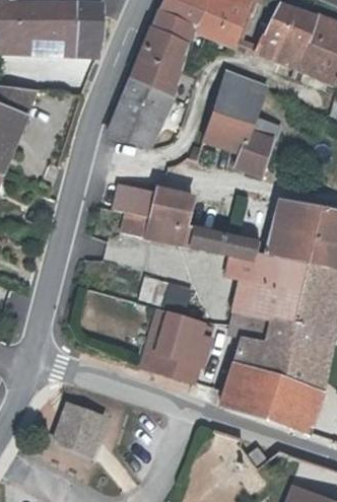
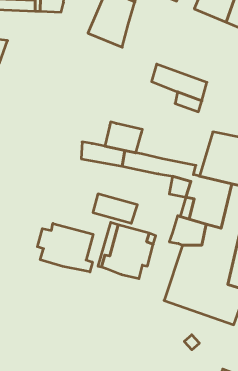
building: [213,71,278,140] -> none
building: [108,80,172,146] -> none
building: [114,184,156,217] -> none
building: none -> [37,223,93,272]
building: [55,405,102,451] -> none

